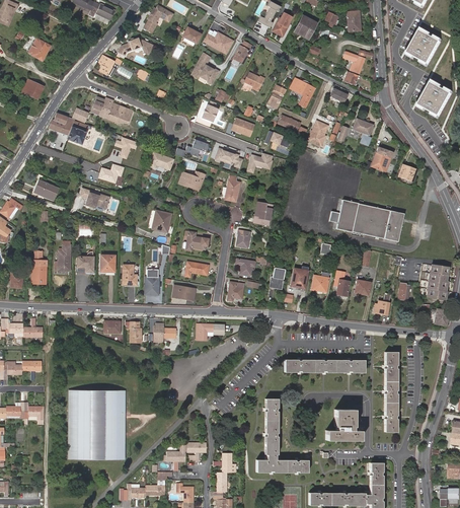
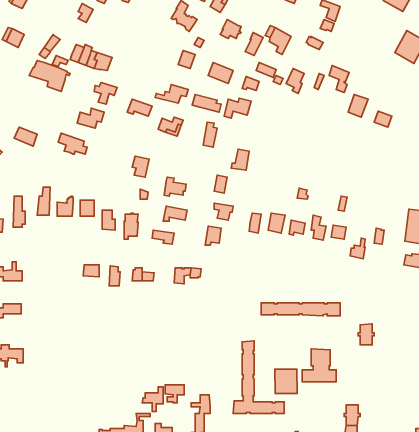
building: [329,199,403,240] -> none
building: [382,351,398,381] -> none
building: [68,389,125,458] -> none
building: [382,402,398,431] -> none
building: none -> [275,369,297,394]

